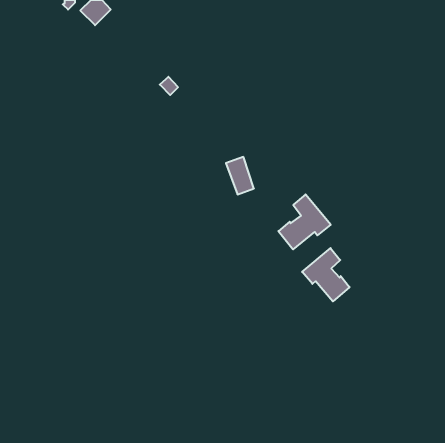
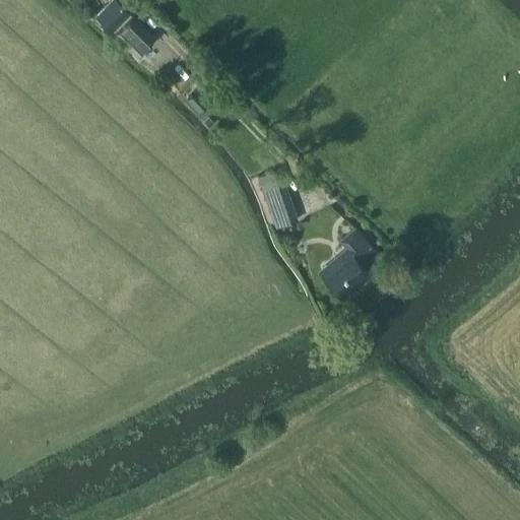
building: none -> [112,15,154,58]
building: [302,248,350,301] -> none

